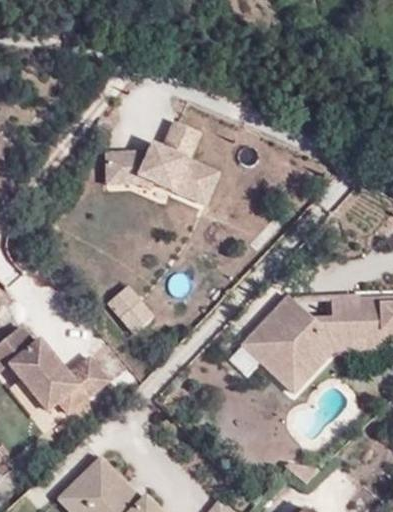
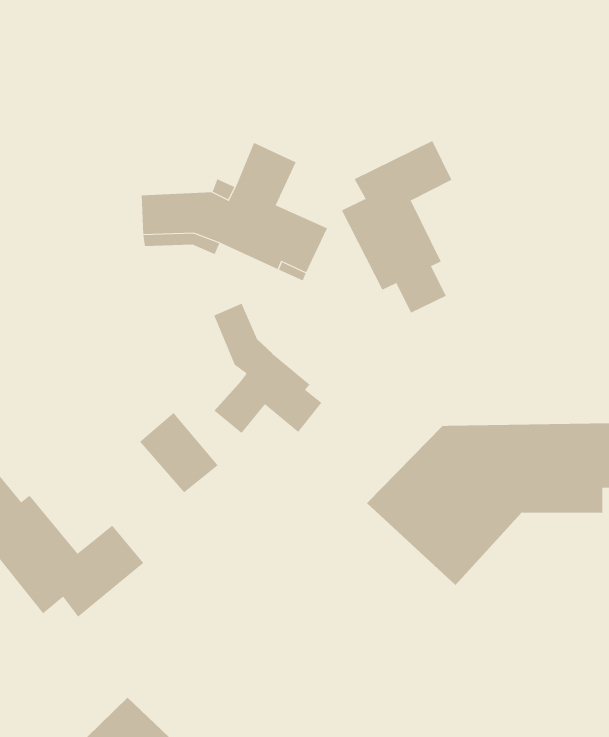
building: none -> [341,140,452,313]
building: none -> [213,303,322,434]

